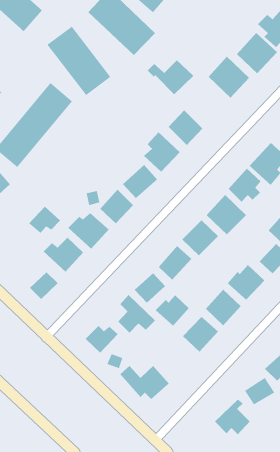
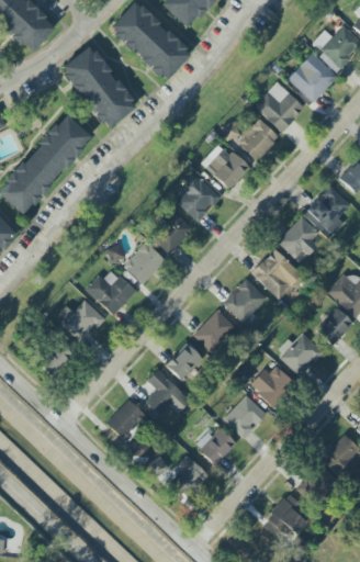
building: [147,60,194,95] -> [222,117,279,160]
building: [28,206,61,234] -> none
building: [155,295,190,326] -> [194,427,236,465]

